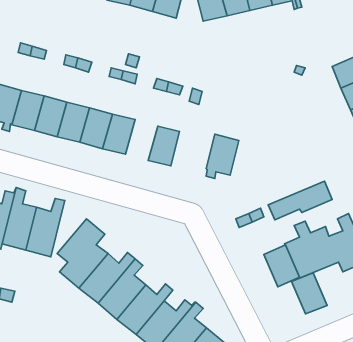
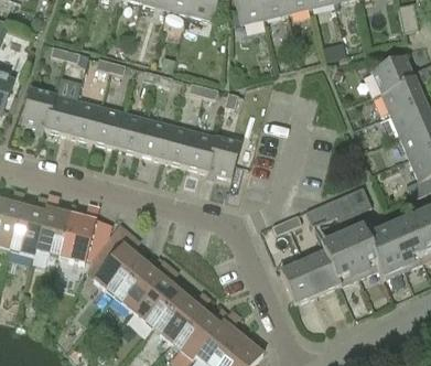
building: none -> [160,123,193,165]
building: [206,134,239,178] -> [206,136,239,181]
building: [291,273,327,314] -> [279,261,315,303]

